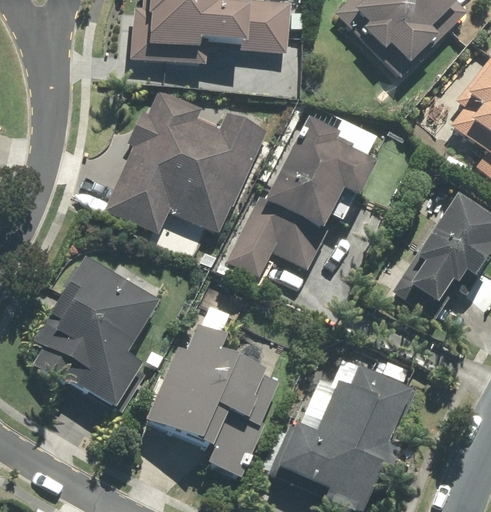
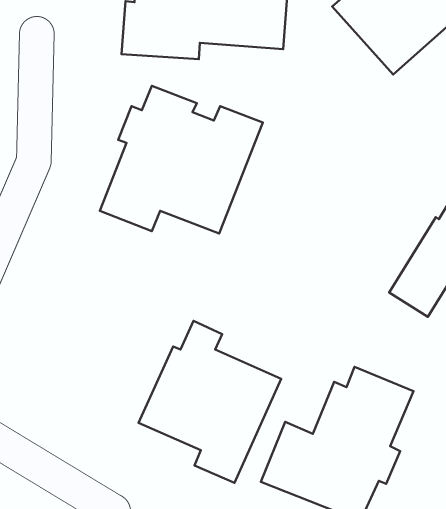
building: [223,116,377,278] -> none
building: [32,252,161,409] -> none

